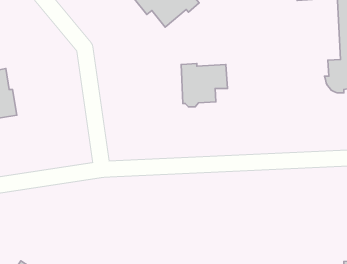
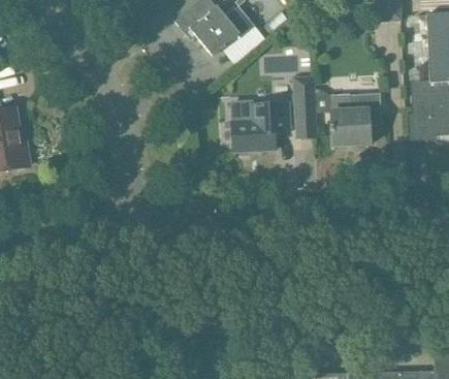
building: none -> [292,92,314,136]
building: none -> [330,92,381,146]

